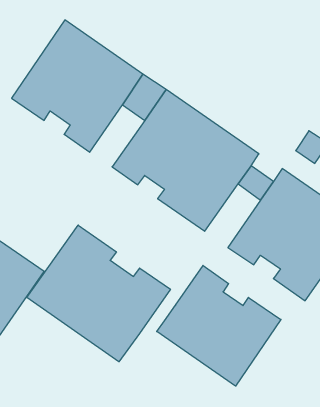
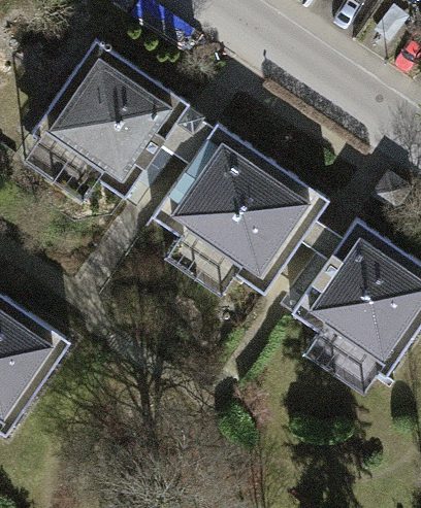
building: [27,225,170,362] -> none
building: [157,265,281,386] -> none

